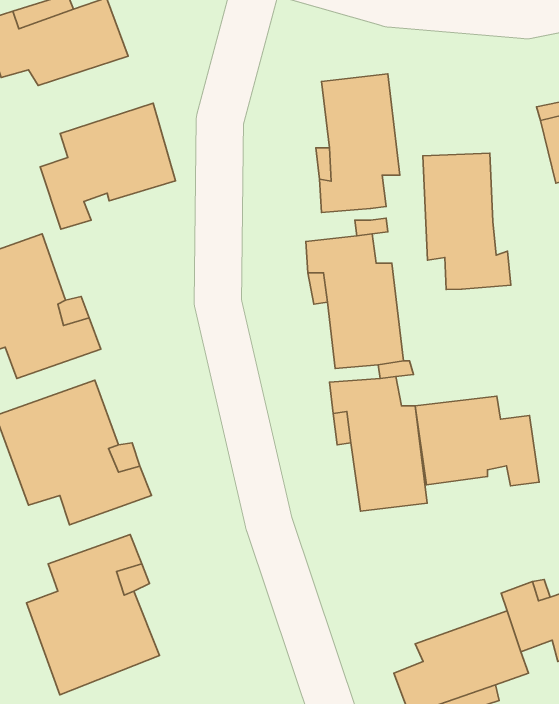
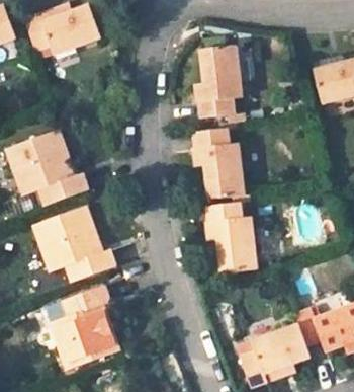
building: [40,103,176,229] -> none
building: [423,153,511,290] -> none
building: [415,396,539,486] -> none

